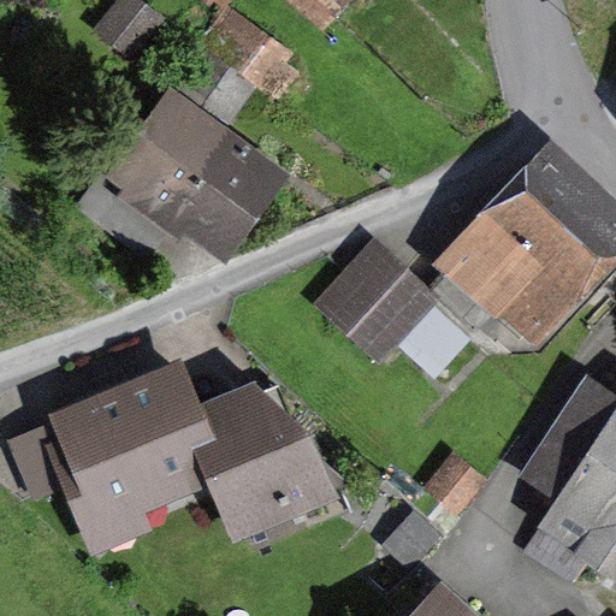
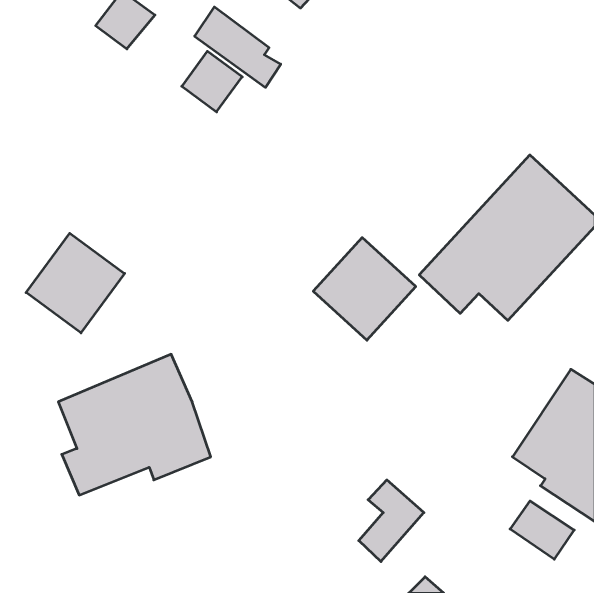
building: [78,99,272,247] -> none
building: none -> [26,233,125,333]
building: [200,395,342,526] -> none

